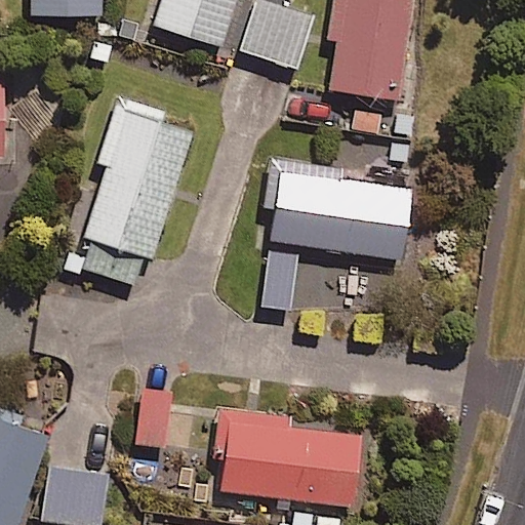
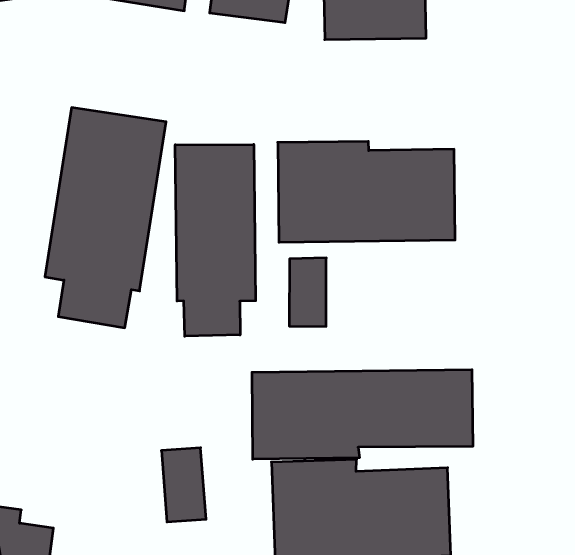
building: none -> [175,144,256,336]
building: none -> [252,370,473,459]

